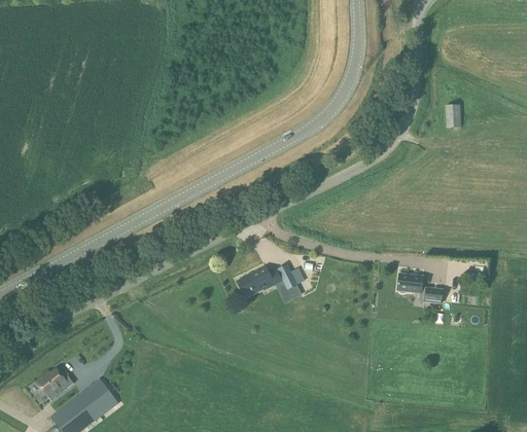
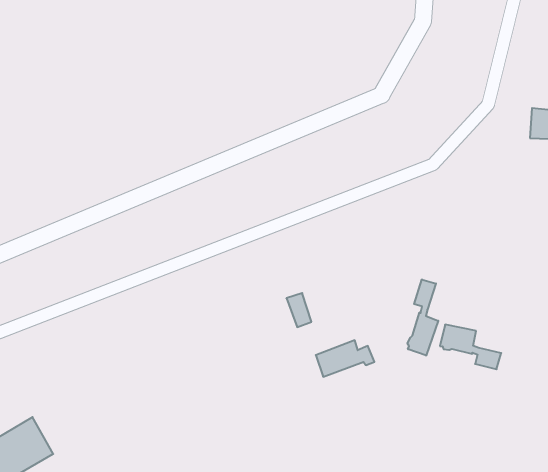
building: none -> [408,279,438,356]
building: [238,266,282,296] -> [316,340,374,377]

